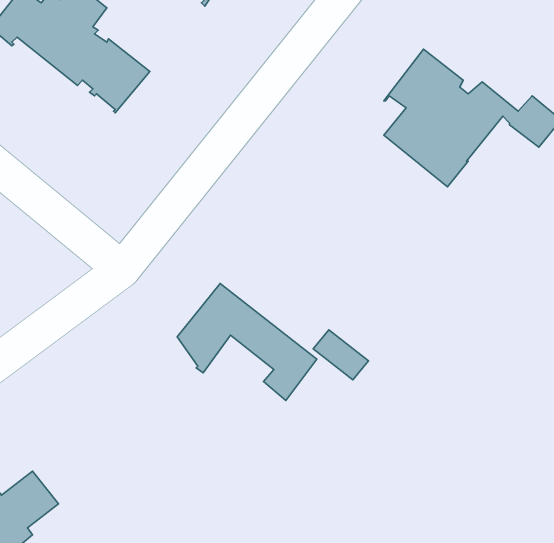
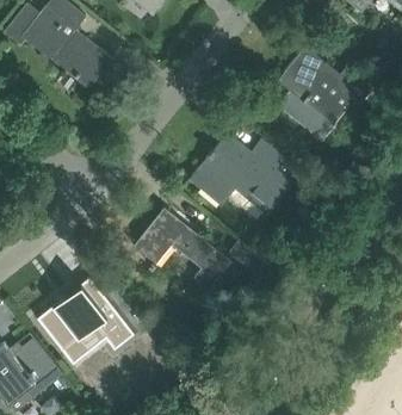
building: none -> [191,135,293,212]
building: none -> [36,278,134,352]

